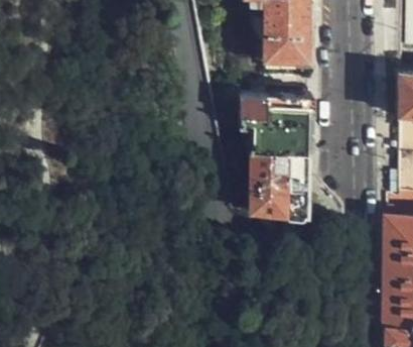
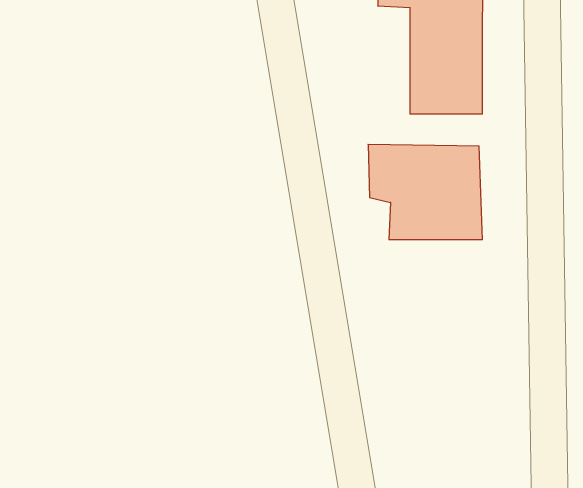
building: [251,154,309,216] -> none

